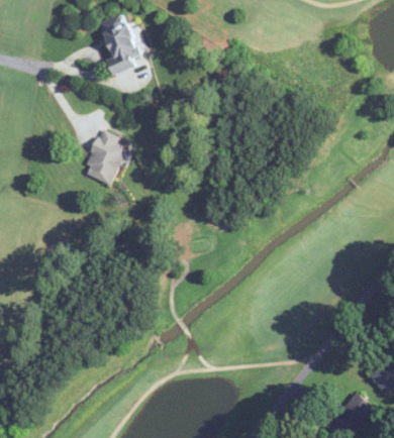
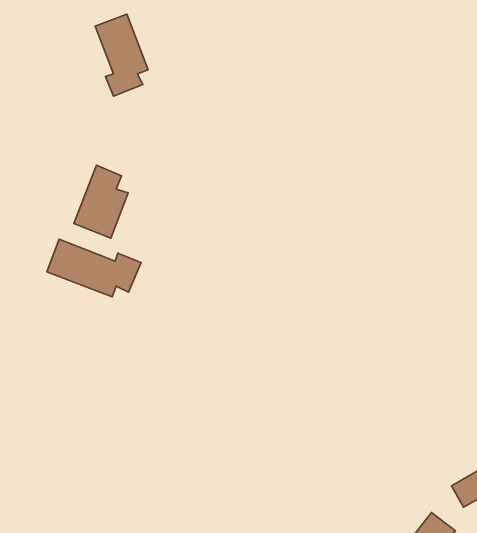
building: none -> [47,239,141,297]

